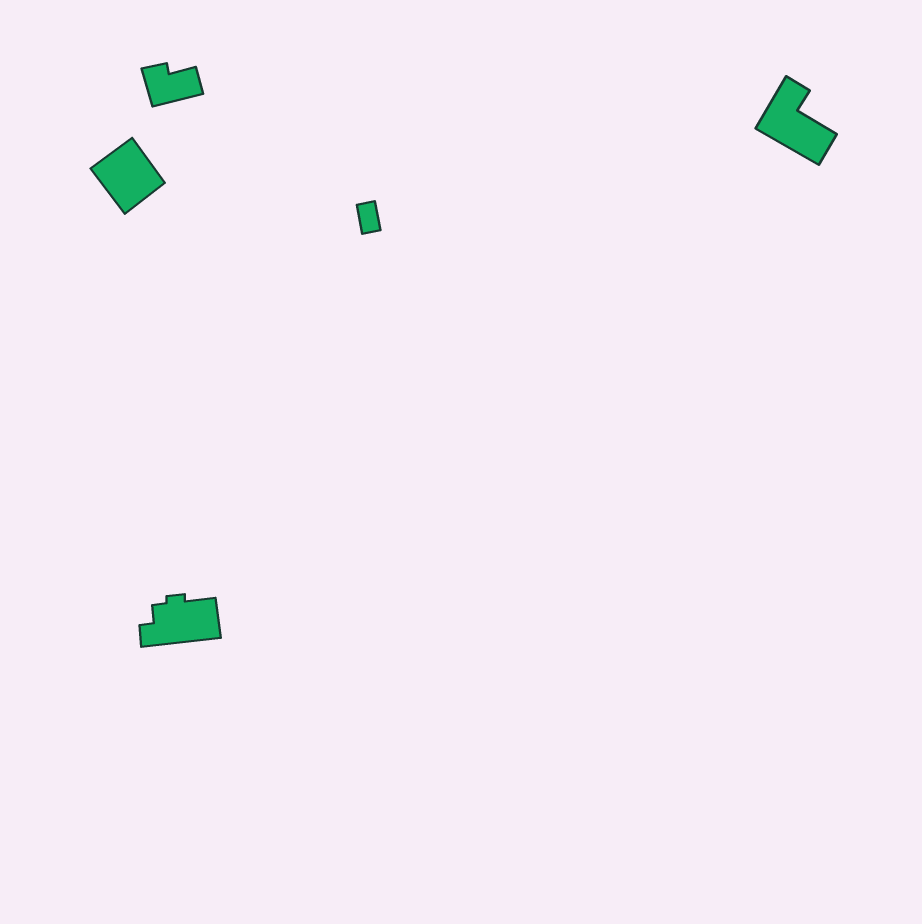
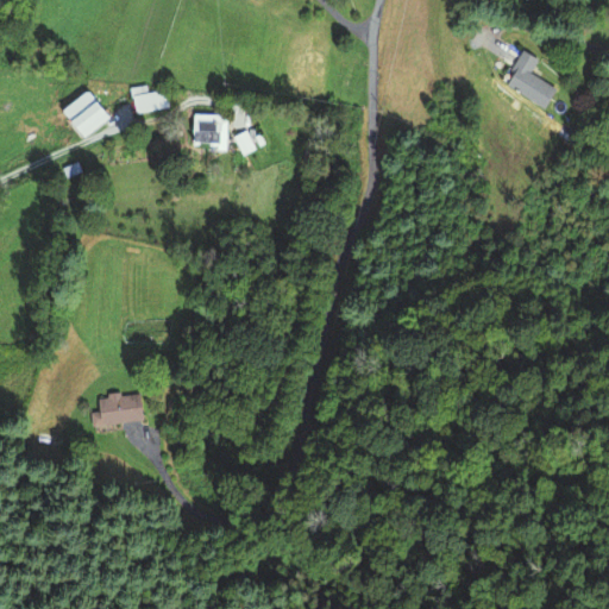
building: [142,63,203,107] -> [132,87,172,115]
building: none -> [193,114,227,145]

